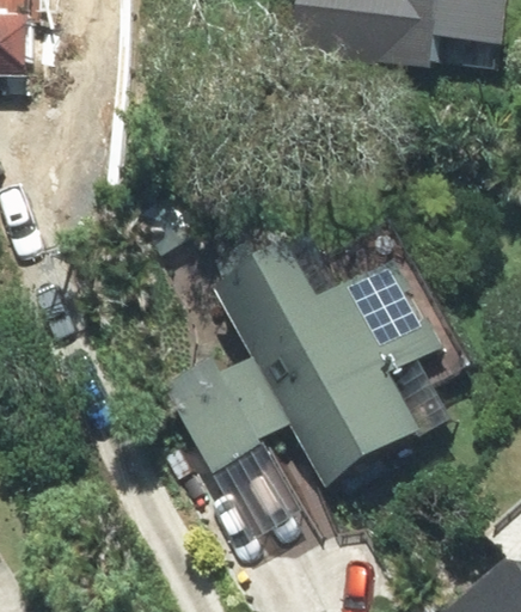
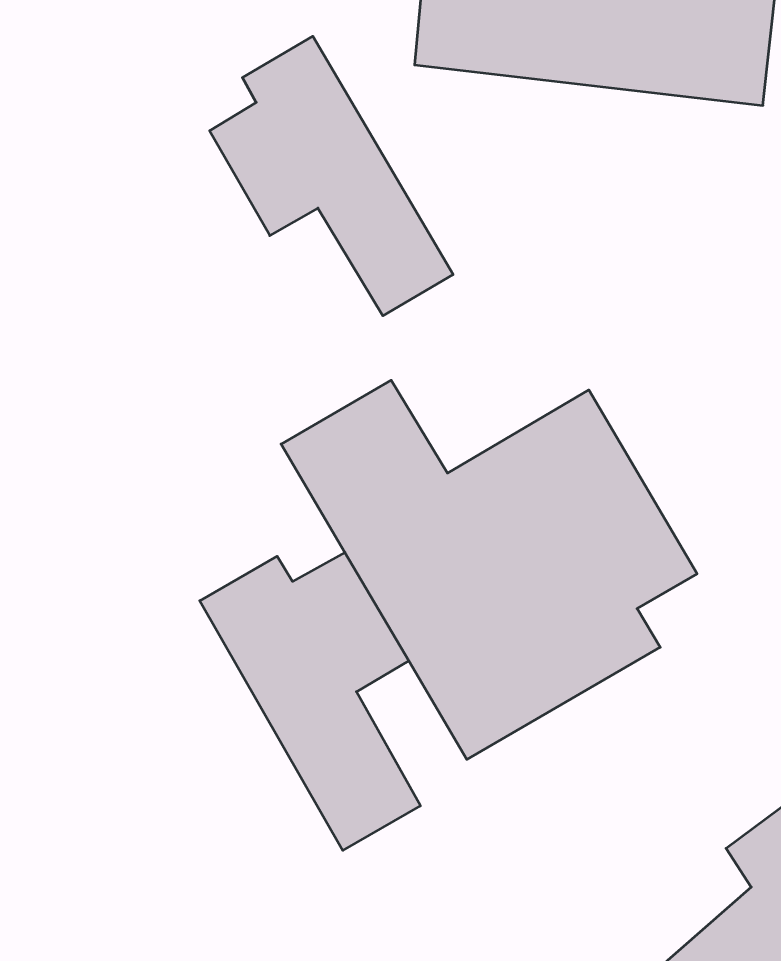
building: none -> [210,36,453,316]

